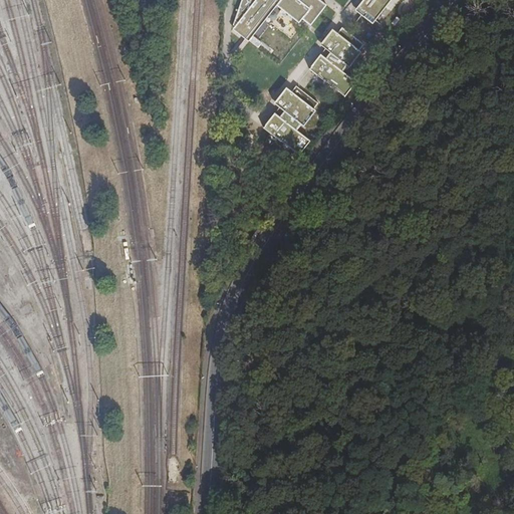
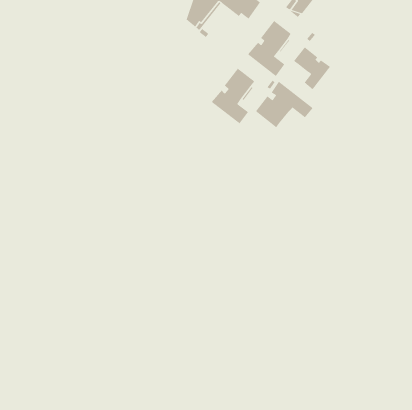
building: none -> [293,46,331,90]
building: none -> [255,81,314,128]

